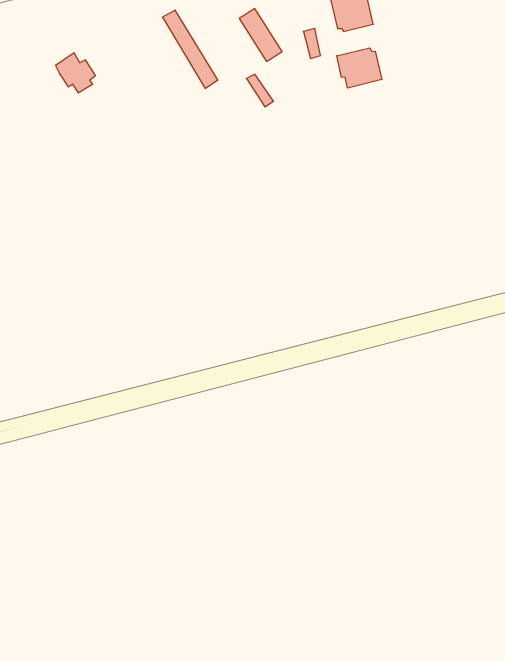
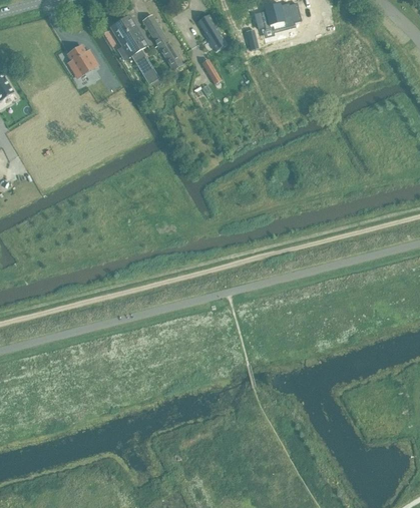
building: none -> [111,15,158,83]
building: [337,48,382,88] -> none

